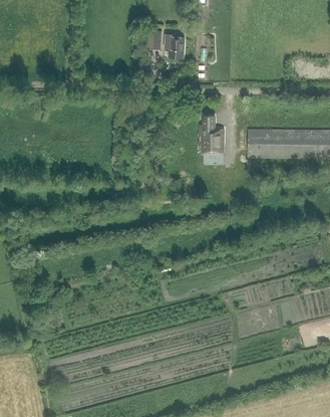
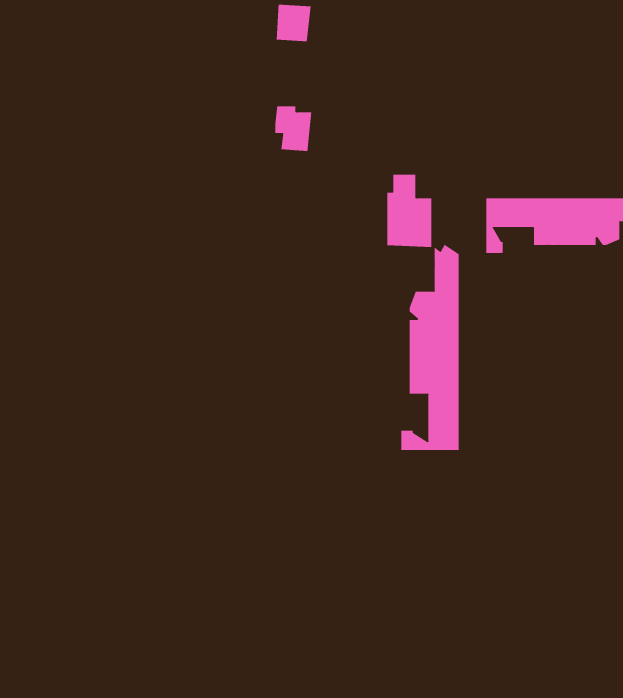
building: [166,36,185,59] -> [274,106,312,151]
building: none -> [401,244,459,451]

